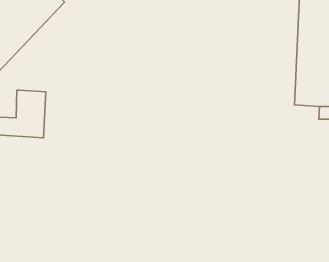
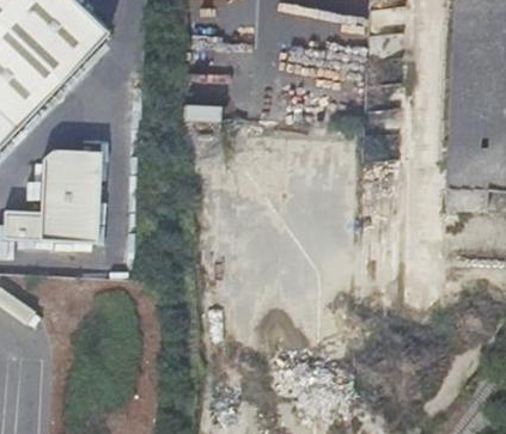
building: none -> [36,145,95,238]

